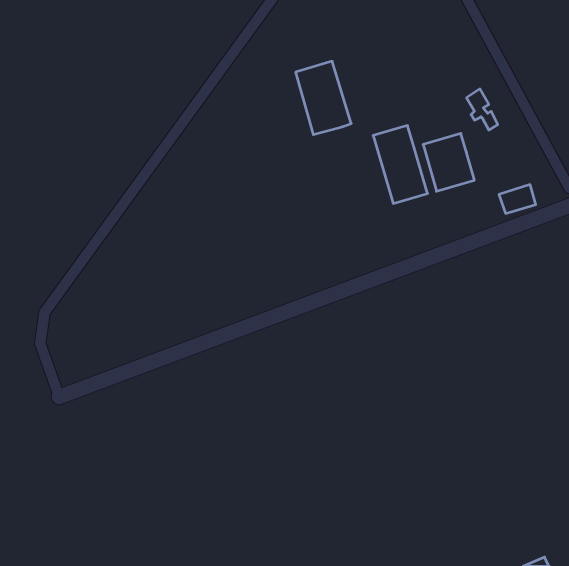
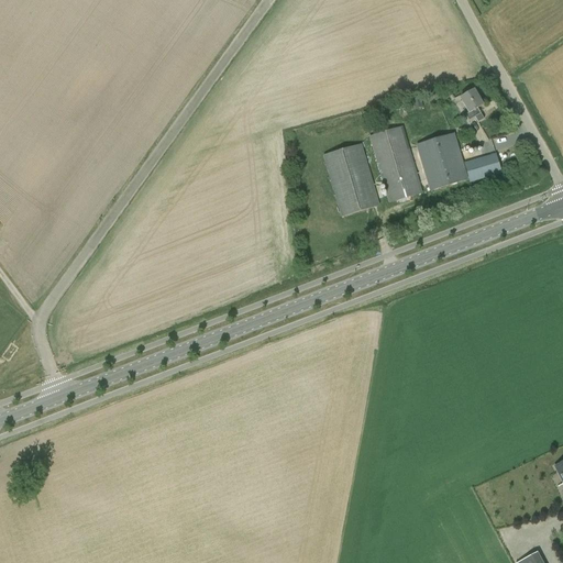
building: [296,61,351,135] -> [323,143,378,216]
building: [499,185,536,213] -> [465,152,501,180]

